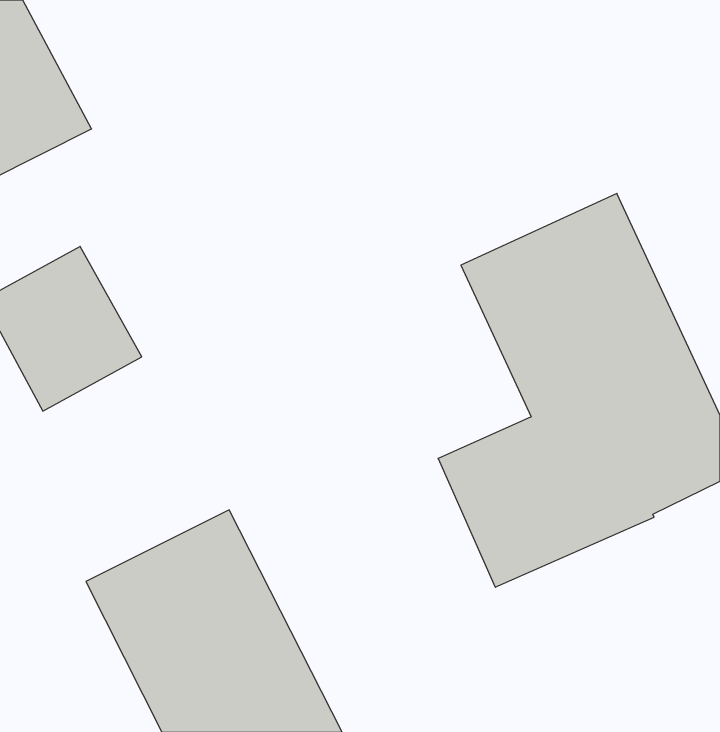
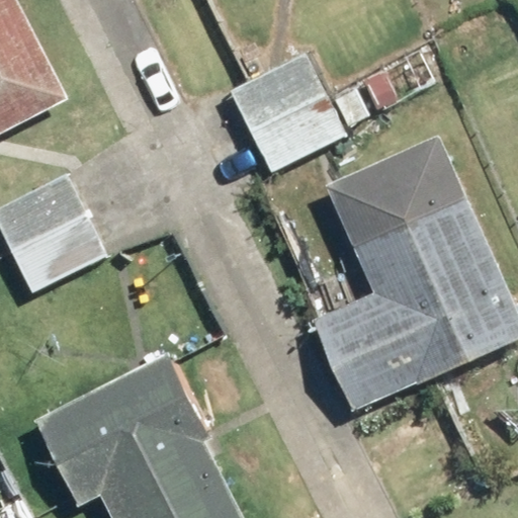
building: none -> [235,55,344,167]

